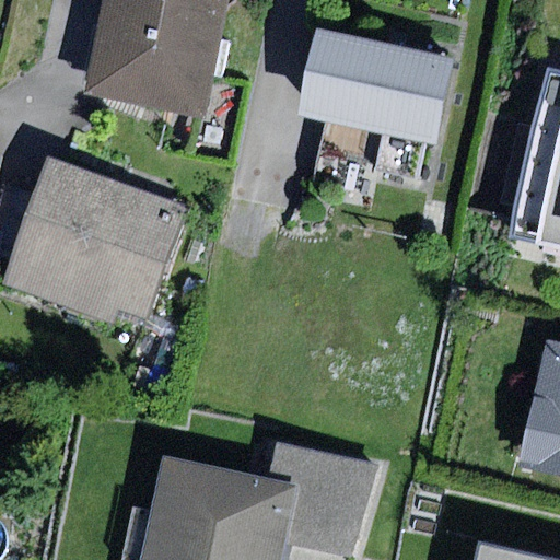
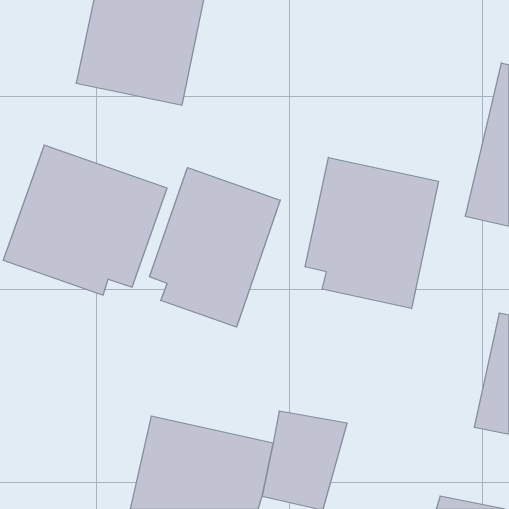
building: [302,30,452,144] -> none
building: none -> [305,157,439,309]
building: none -> [149,168,280,327]

